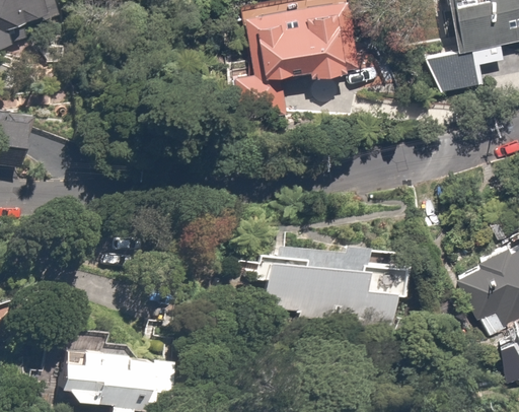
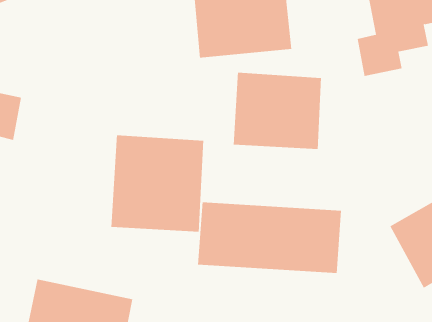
building: none -> [233,72,322,150]
building: none -> [111,134,204,232]

